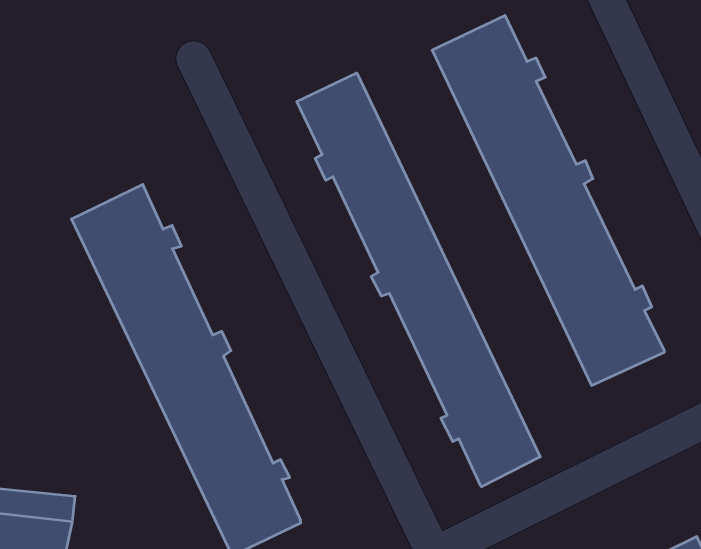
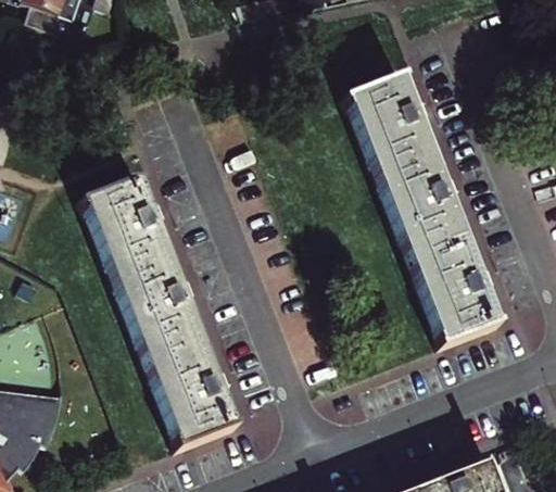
building: [297,73,540,487] -> none

